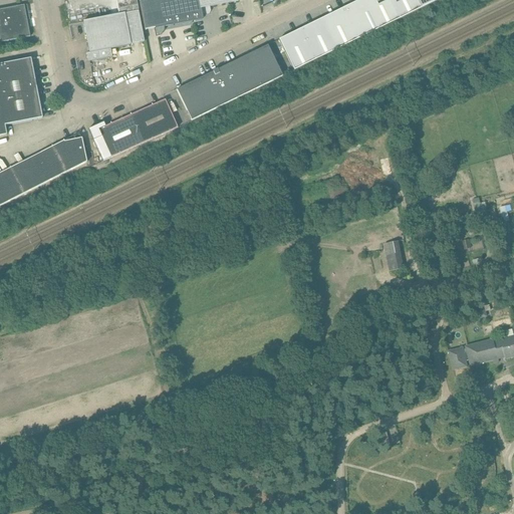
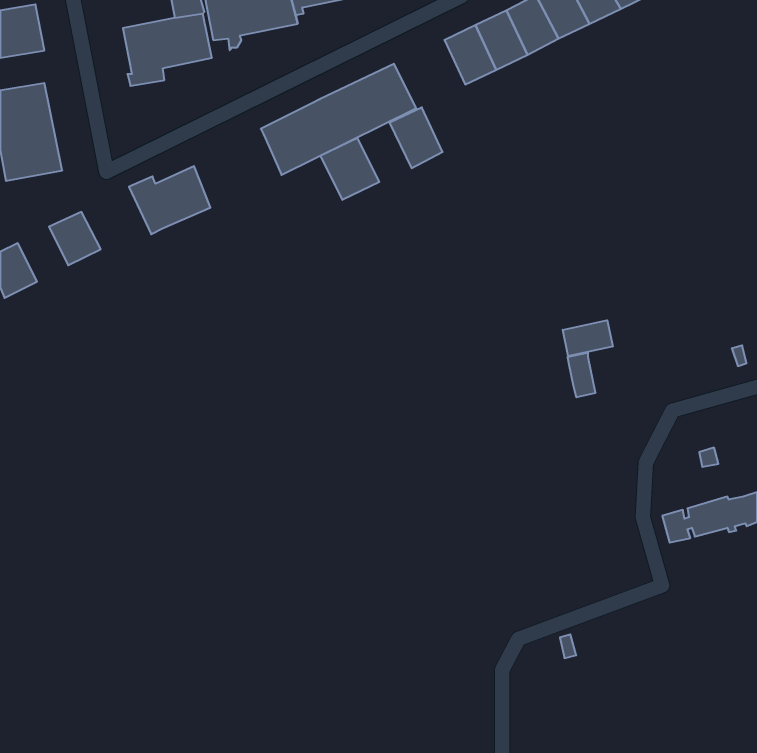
building: [279,27,315,68] -> [389,107,443,168]
building: none -> [321,138,379,200]
building: [132,97,177,141] -> none
building: [55,132,86,169] -> none
building: [12,154,46,191] -> none
building: none -> [563,320,613,356]

